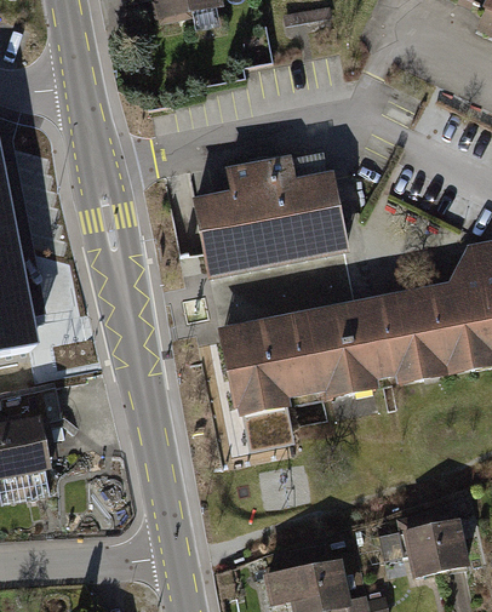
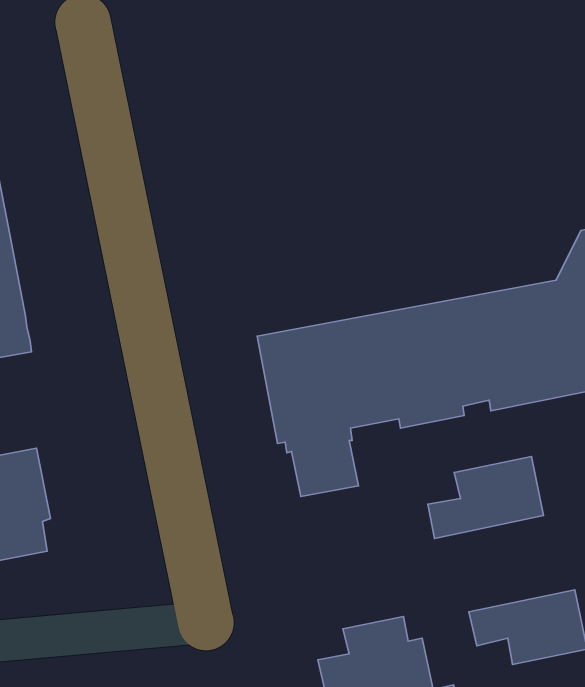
building: [191,154,345,278] -> none
building: none -> [428,456,544,539]

